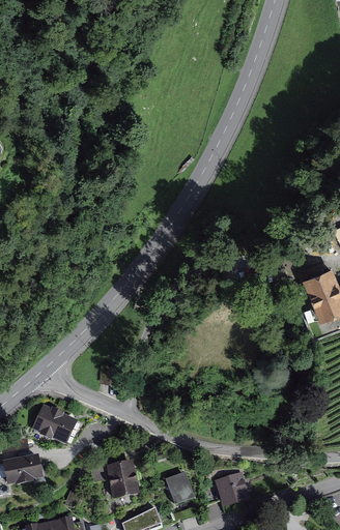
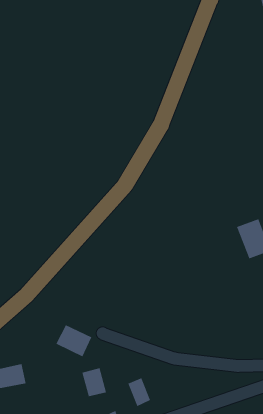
building: [29,406,75,446] -> [55,325,92,357]
building: [217,471,251,505] -> none

